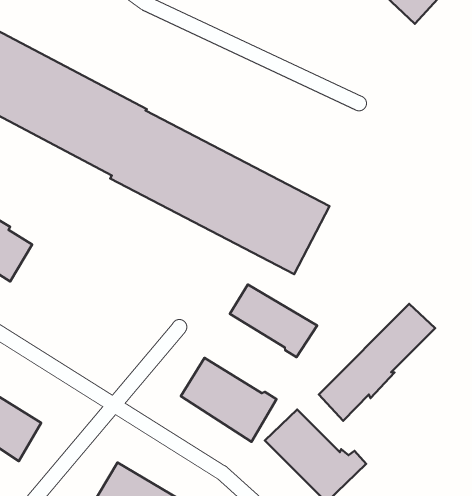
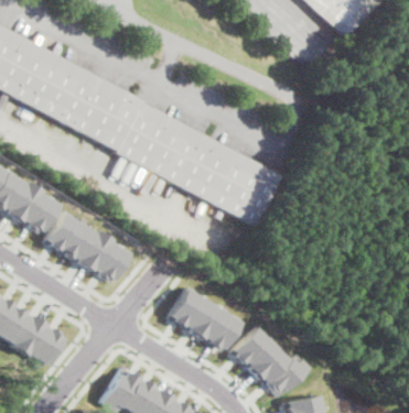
building: none -> [44,210,129,282]
building: [230,285,317,357] -> none
building: [319,304,435,421] -> none

